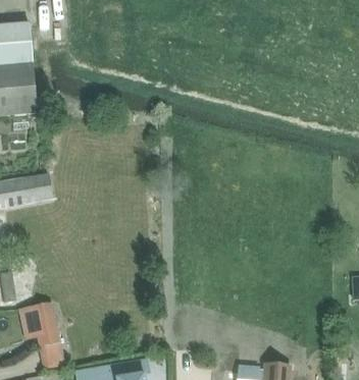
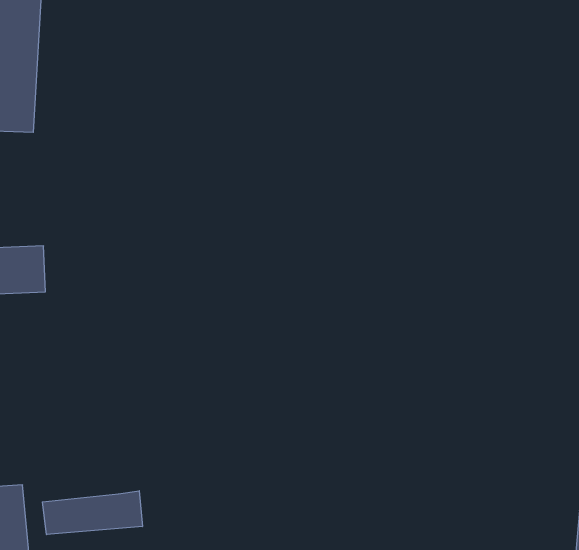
building: none -> [42,491,142,535]

